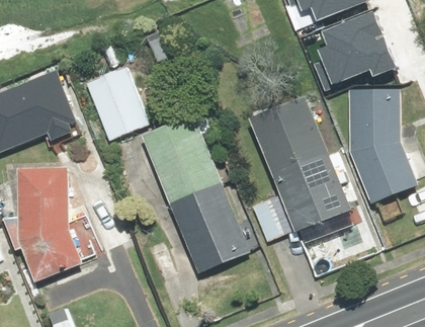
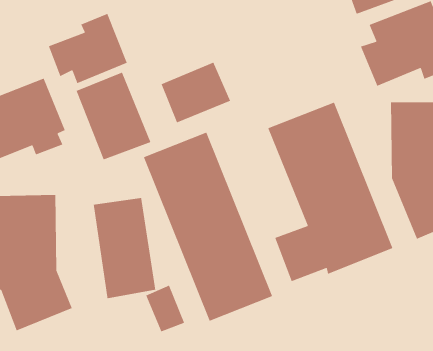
building: none -> [48,13,128,84]
building: none -> [160,62,231,123]
building: none -> [93,197,156,299]

